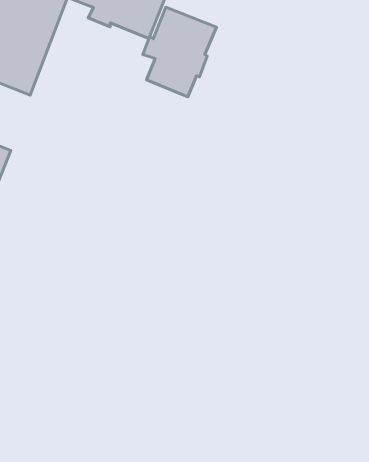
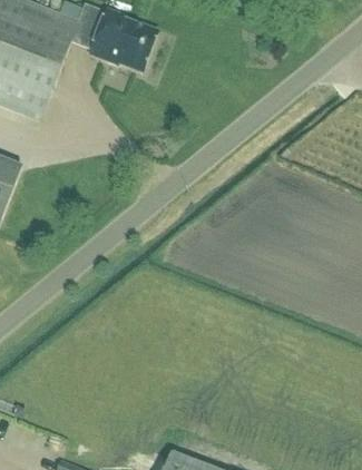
building: [143,7,216,97] -> none

